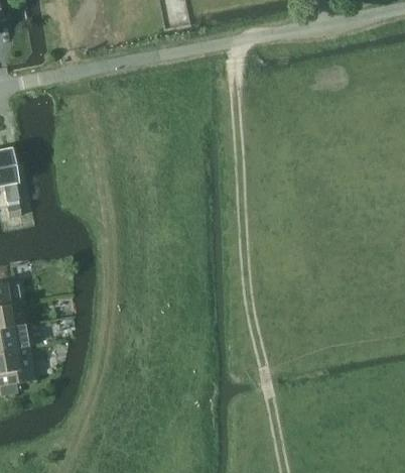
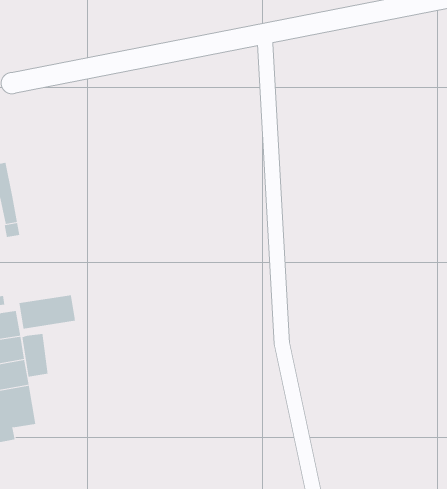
building: none -> [19,294,75,329]
building: none -> [22,333,48,378]

